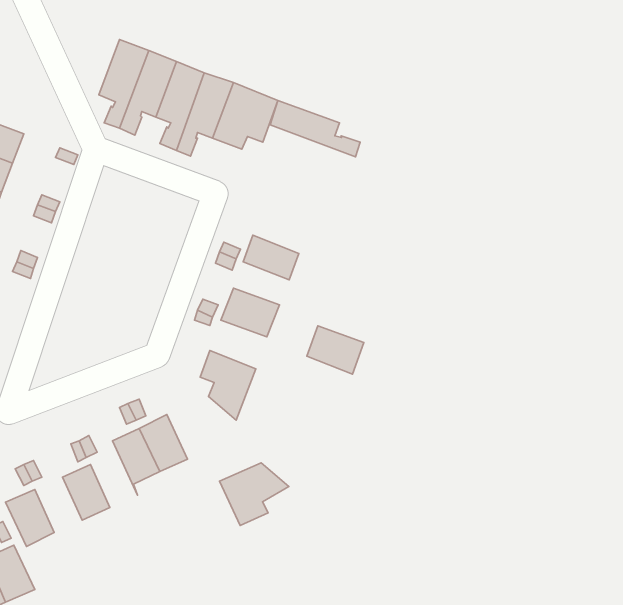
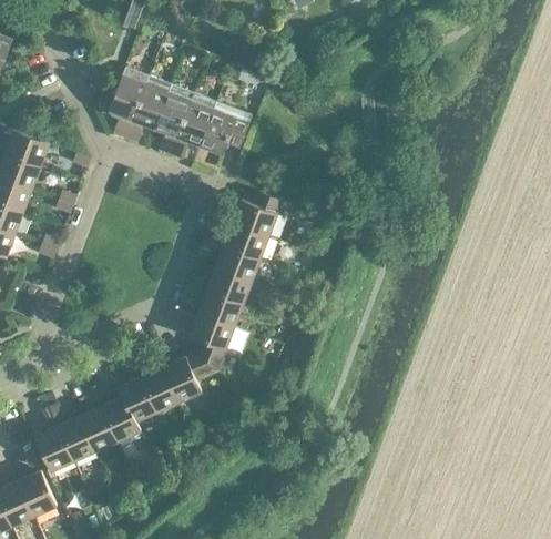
building: [270,100,360,157] -> none
building: none -> [232,192,282,238]
building: none -> [216,245,261,279]
building: [307,326,364,374] -> [197,292,243,330]
building: none -> [102,388,140,441]
building: [219,463,289,525] -> [163,353,218,403]
building: none -> [58,417,95,461]

